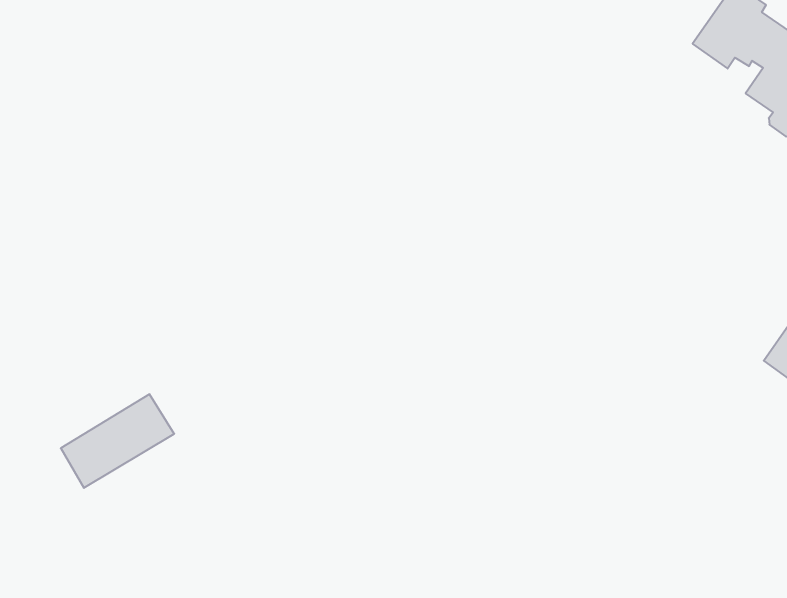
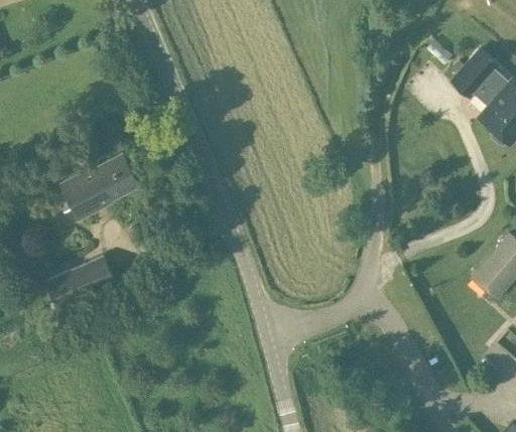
building: none -> [61,151,139,218]

